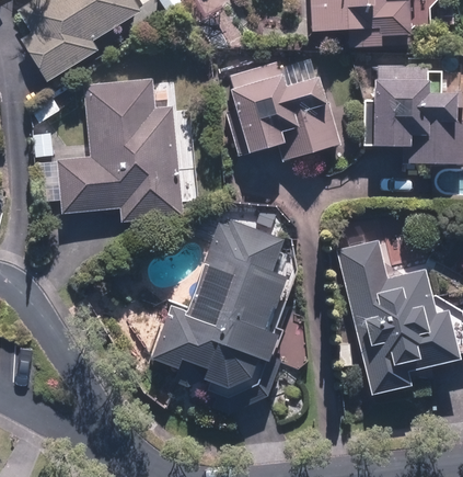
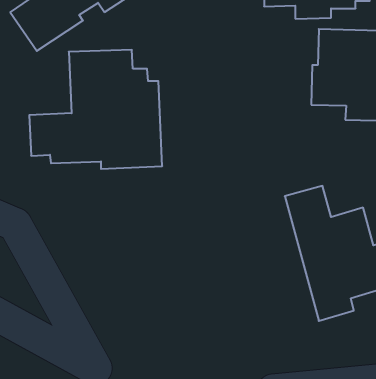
building: [225,57,335,160] -> none
building: [154,217,290,385] -> none

